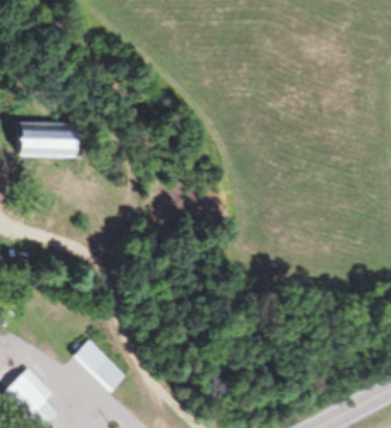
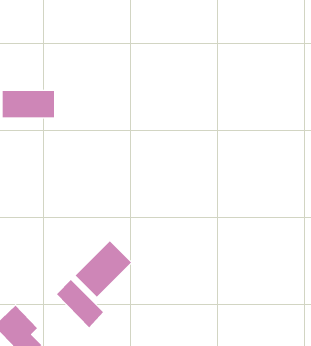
building: none -> [75,241,132,298]

